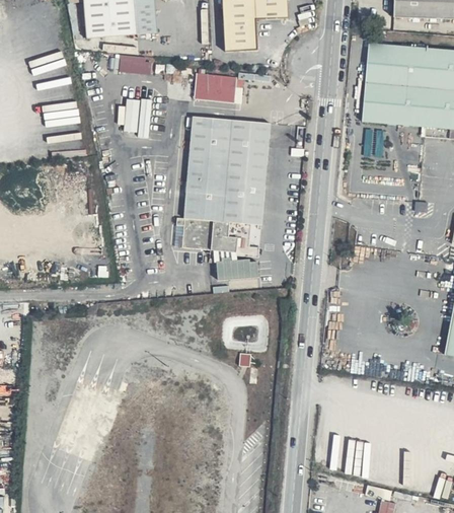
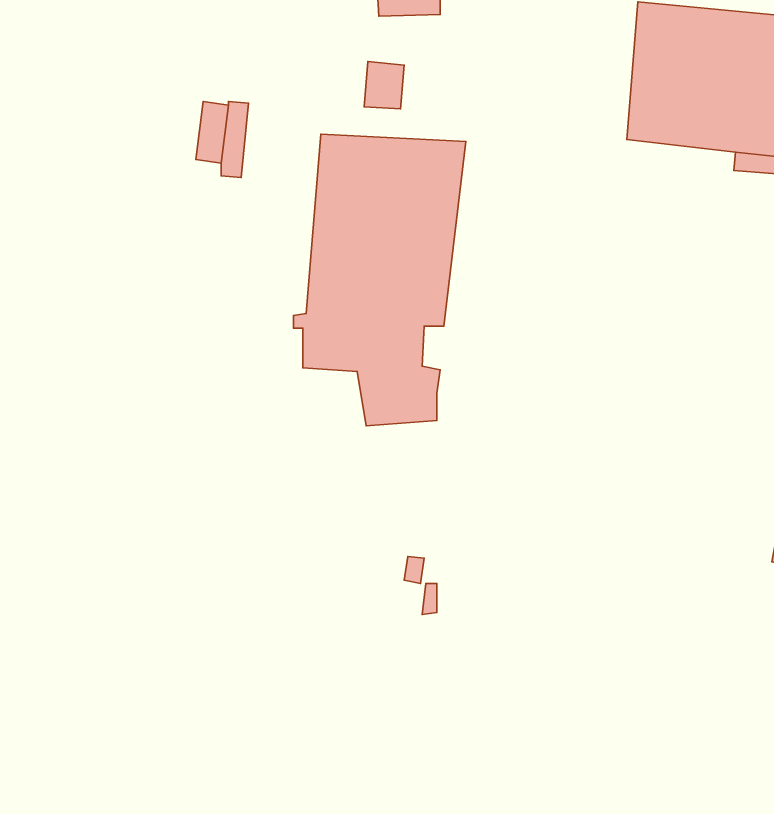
building: [119,54,151,74] -> none
building: [195,73,218,100] -> none

